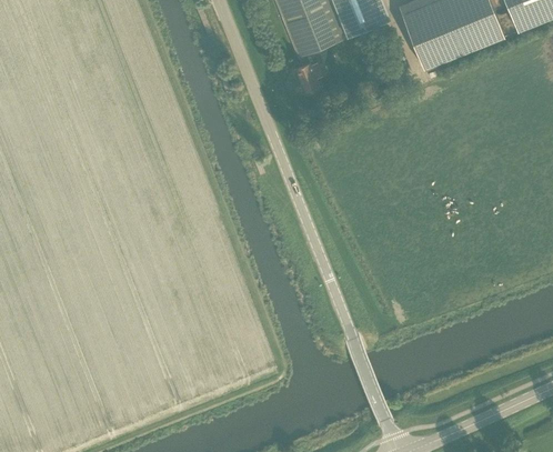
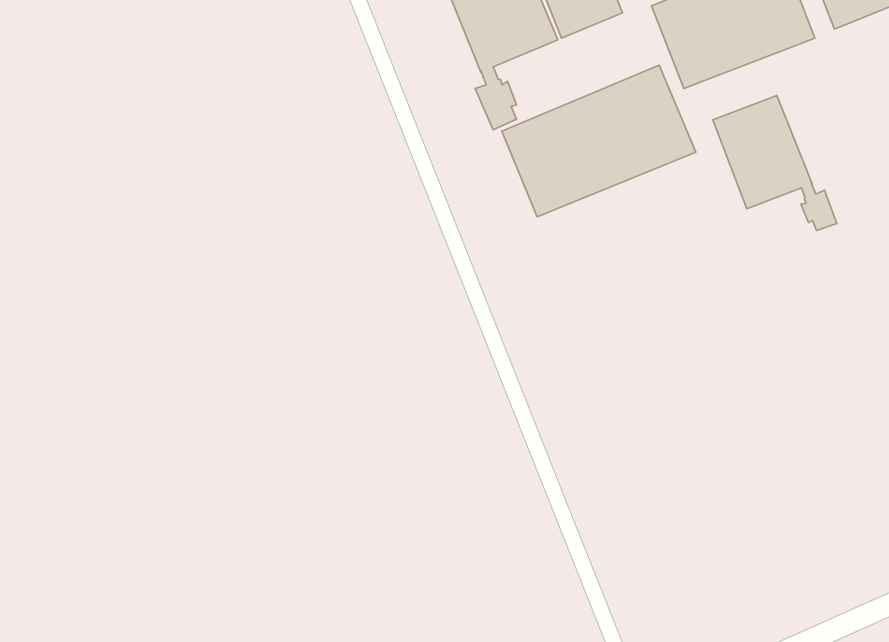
building: none -> [502,65,696,217]
building: none -> [713,96,837,230]

